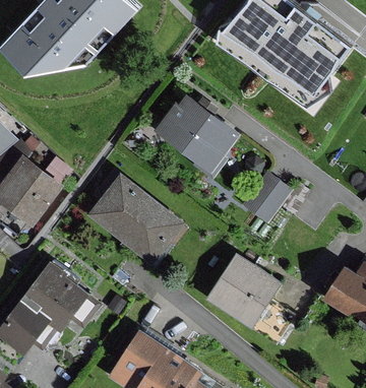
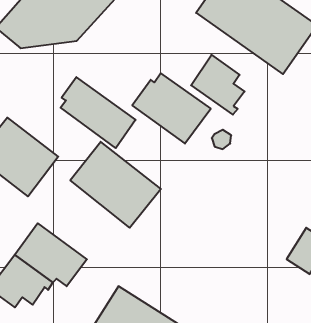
building: none -> [191,55,245,115]
building: none -> [61,77,136,148]
building: [240,173,290,224] -> none
building: [204,255,280,330] -> none

